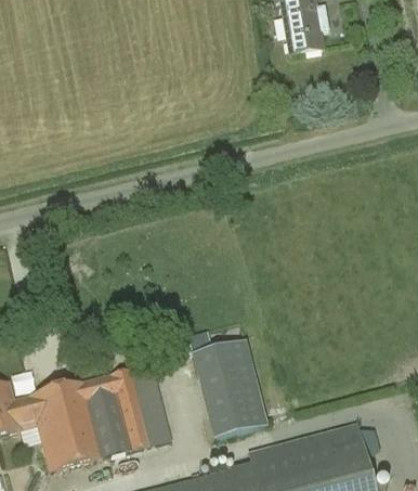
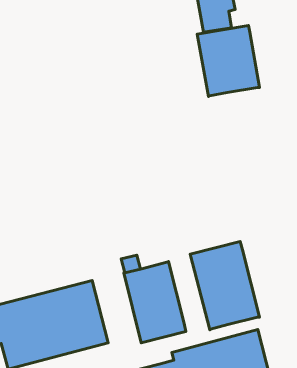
building: none -> [197,25,260,96]
building: none -> [190,242,260,330]

